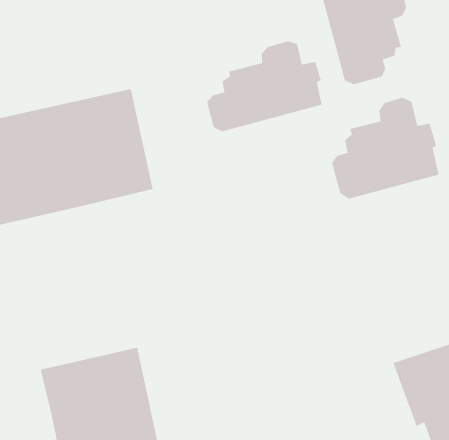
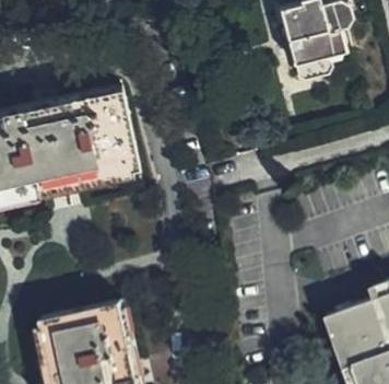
building: [206,41,322,132] -> none
building: [332,97,439,200] -> none

